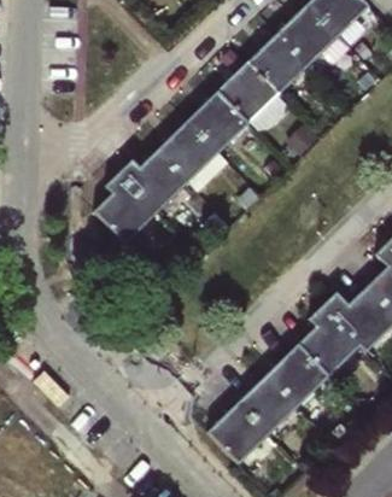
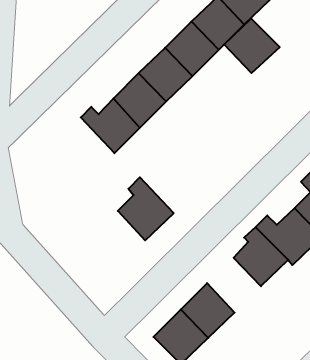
building: none -> [224,18,280,73]
building: [96,175,160,247] -> [118,177,174,240]
building: [267,335,328,398] -> none

